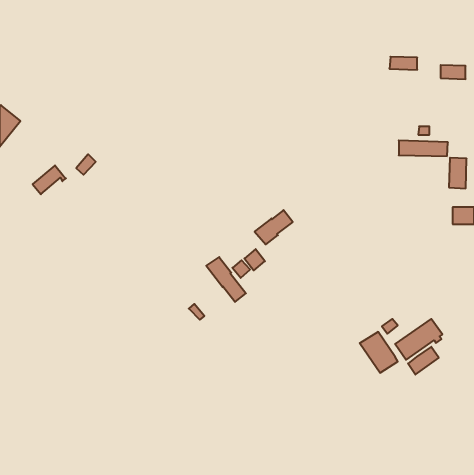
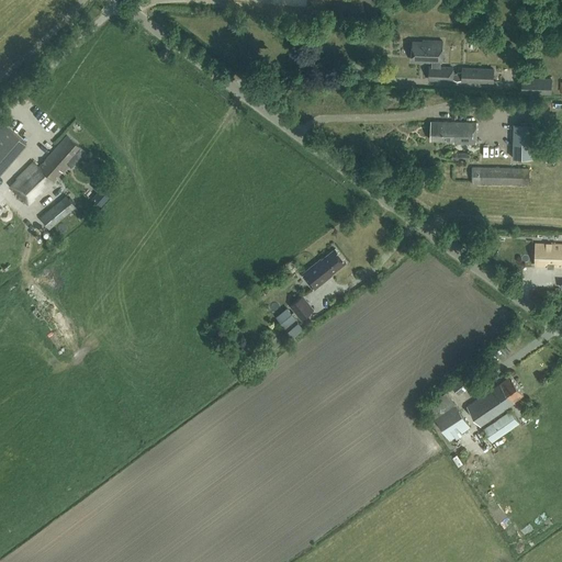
building: none -> [412,40,452,80]
building: none -> [430,121,475,144]
building: none -> [9,135,83,204]
building: [449,158,467,188] -> [510,122,531,158]
building: [206,257,246,302] -> none

